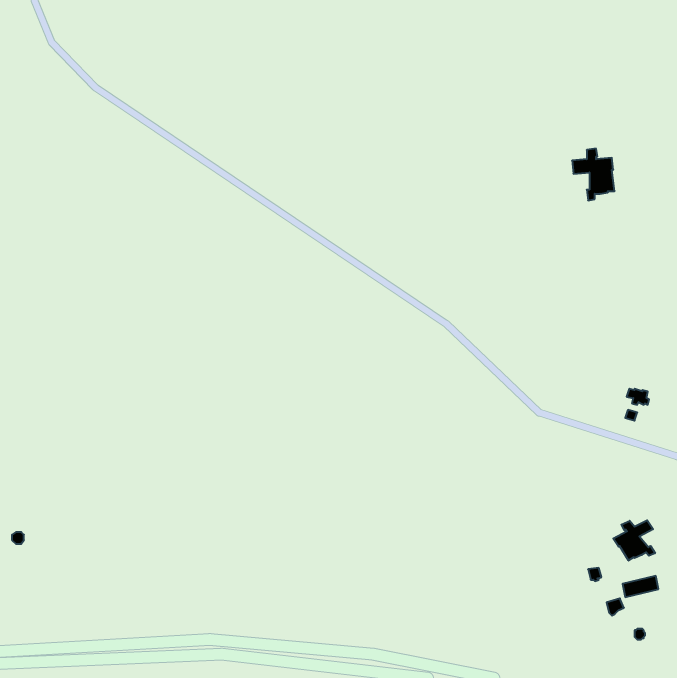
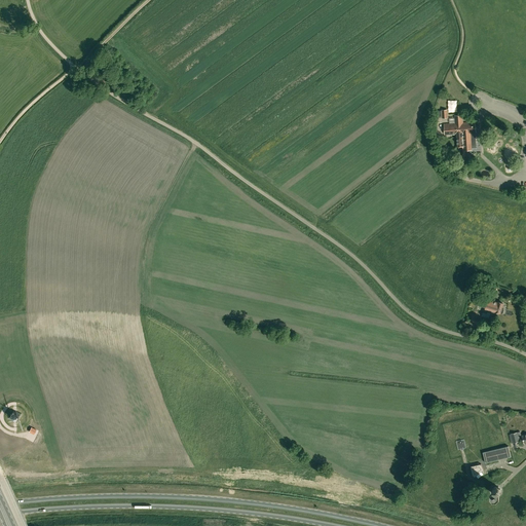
building: [613,520,655,561] -> none

